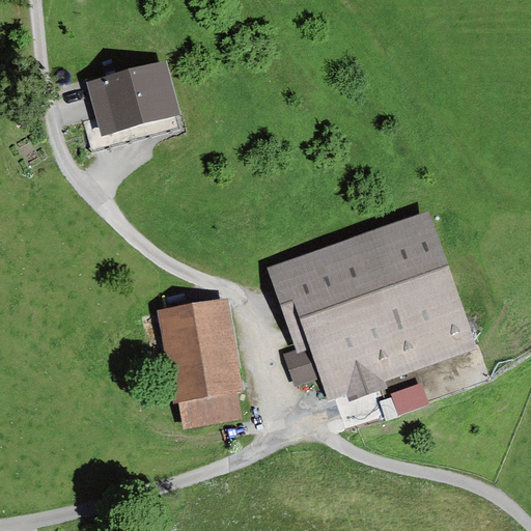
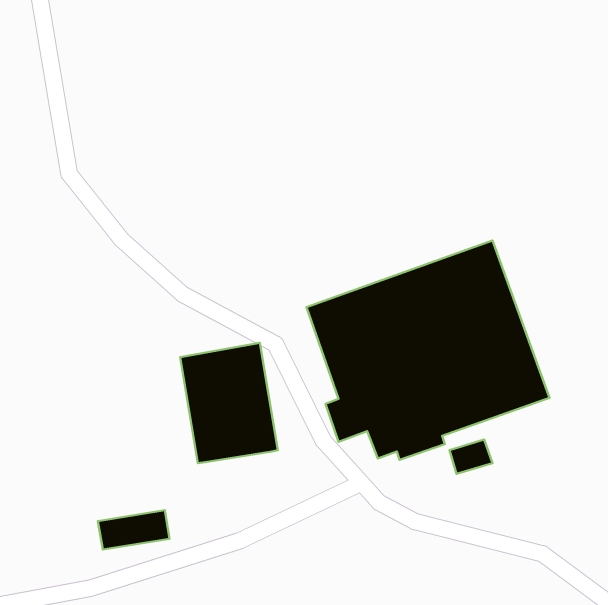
building: [82,60,179,149] -> none
building: [178,393,241,427] -> [98,510,169,550]

